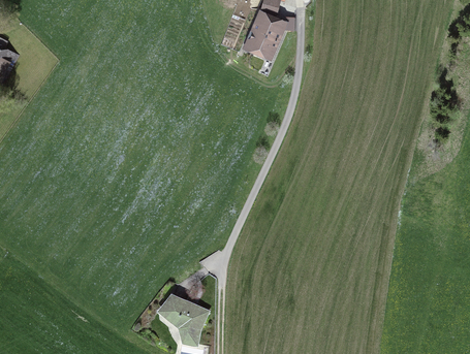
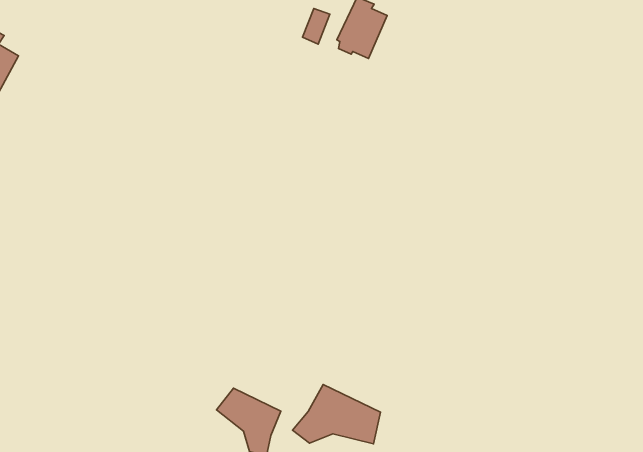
building: none -> [292,385,381,444]

